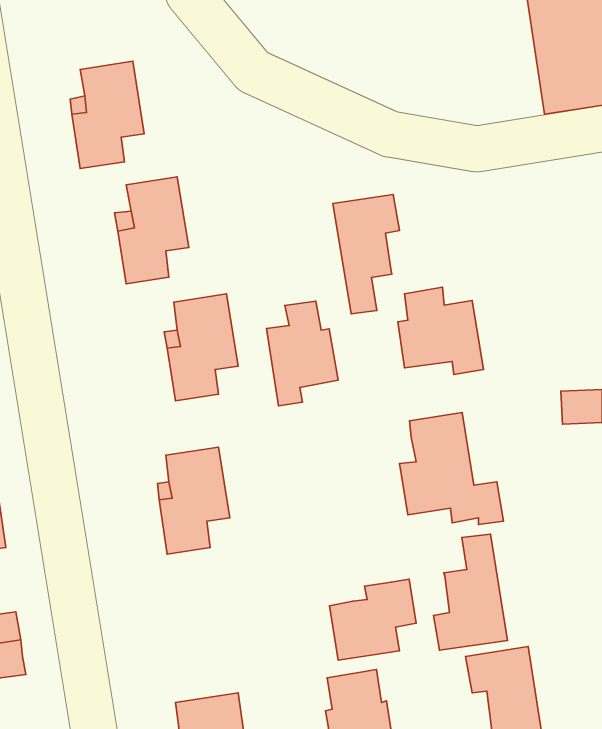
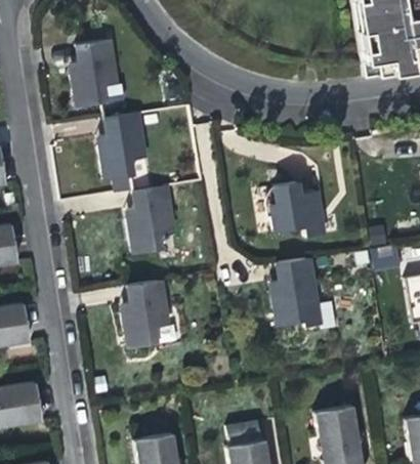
building: [333,194,400,314] -> none
building: [266,301,338,406] -> none
building: [434,534,507,650] -> none
building: [330,579,416,660] -> none

